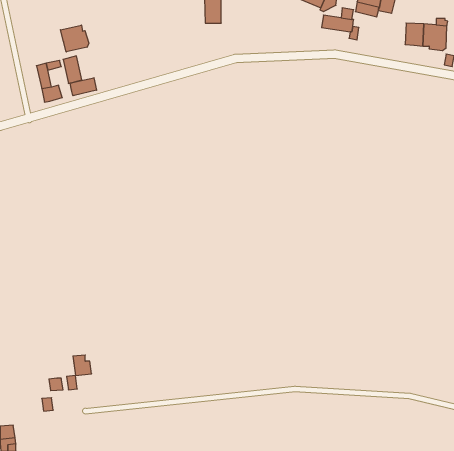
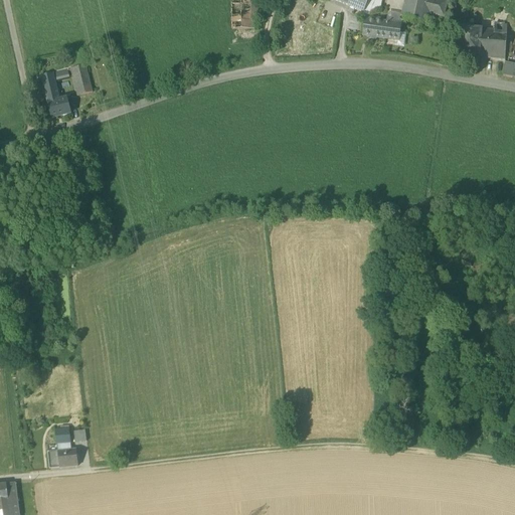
building: [60,25,89,52] -> none
building: [70,78,97,96] -> none
building: [73,355,92,376] -> [57,442,78,465]

